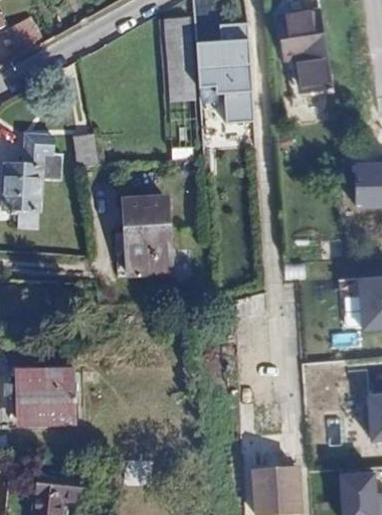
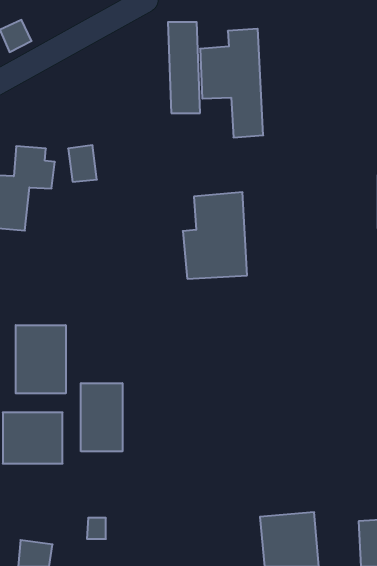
building: [279,12,331,91] -> none
building: [114,193,172,272] -> [183,192,247,279]
building: none -> [16,325,66,393]
building: none -> [81,383,122,451]

